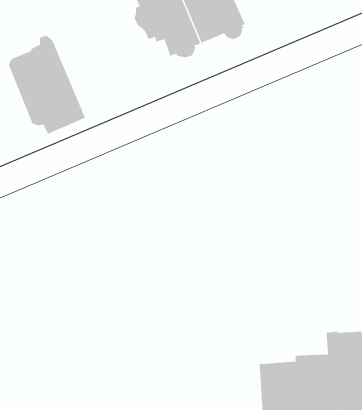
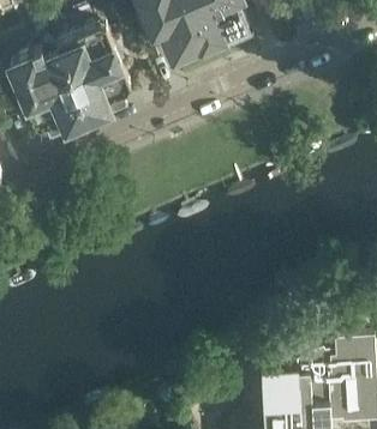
building: none -> [56,30,131,125]

